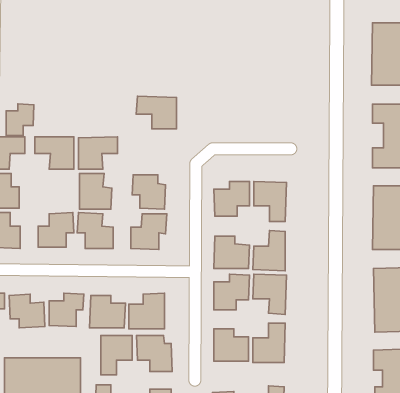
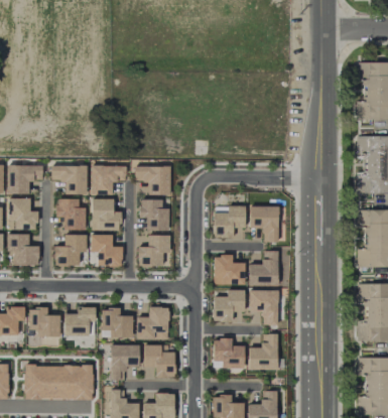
building: [136,96,177,129] -> [134,165,170,194]
building: [6,104,34,135] -> none
building: none -> [56,198,86,230]

